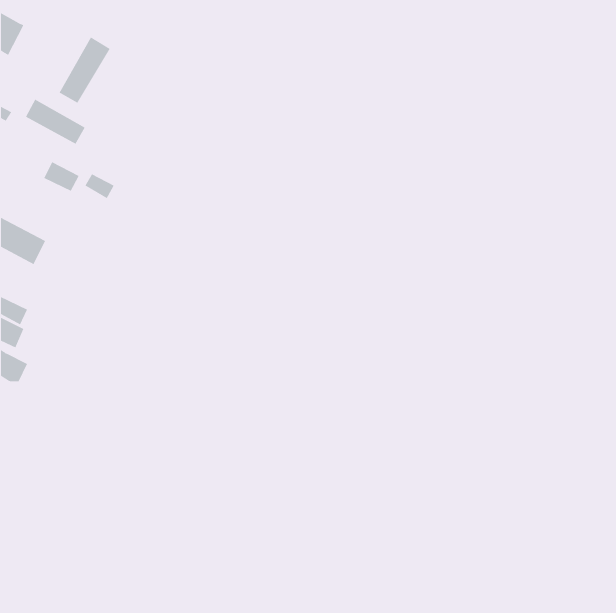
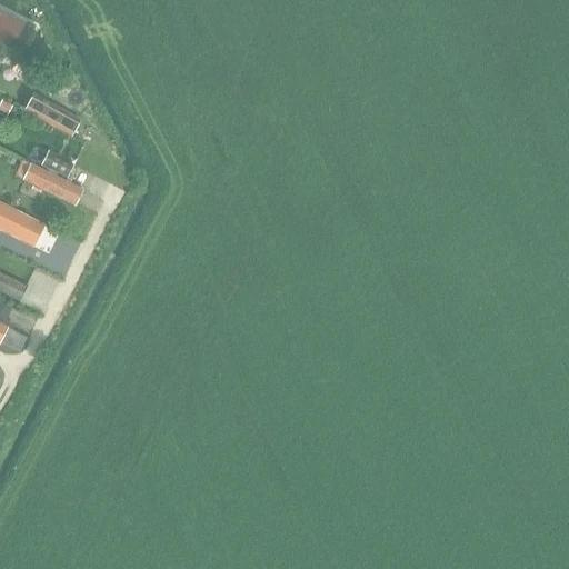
building: [59,37,110,104] -> none
building: none -> [21,162,81,204]

